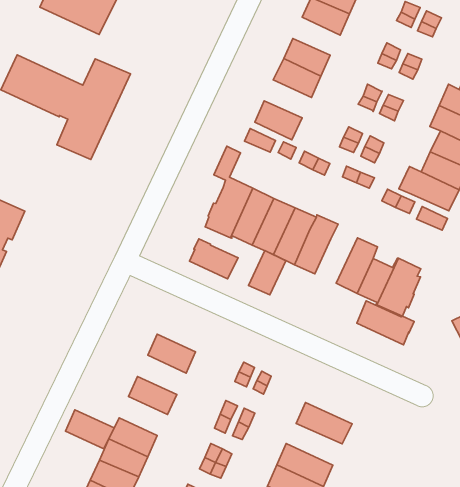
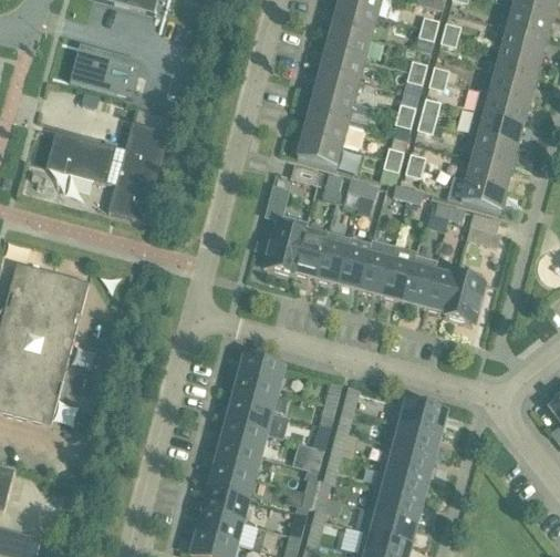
building: none -> [320,49,365,81]
building: none -> [302,114,363,151]
building: [189,239,238,279] -> [237,357,283,391]
building: [249,251,286,295] -> [380,259,412,301]
building: [357,301,414,345] -> [392,399,447,435]
building: none -> [225,402,271,435]
building: [66,410,114,449] -> [214,445,260,478]
building: none -> [380,444,434,478]

